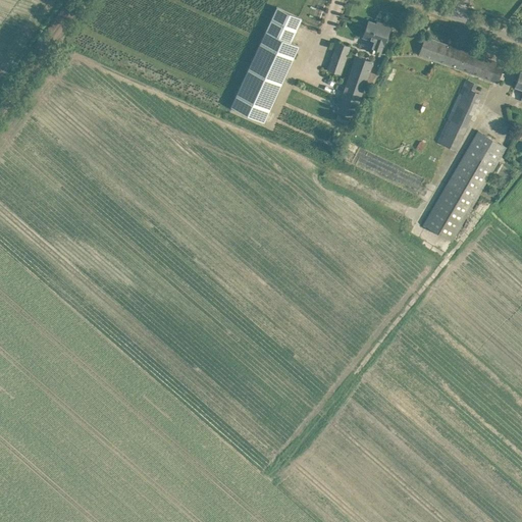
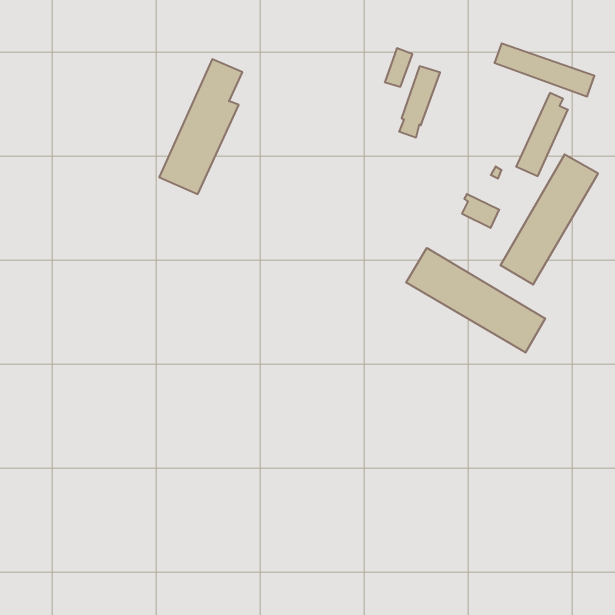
building: [230,7,301,121] -> [159,59,242,194]
building: [362,21,388,55] -> none
building: none -> [406,248,545,353]

